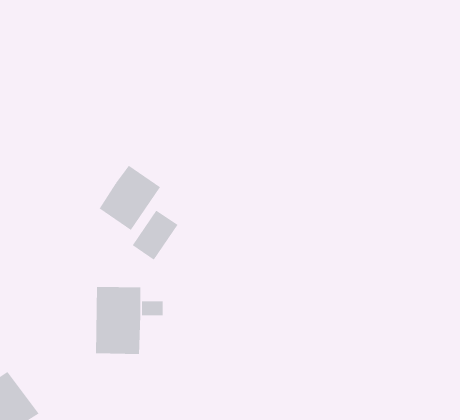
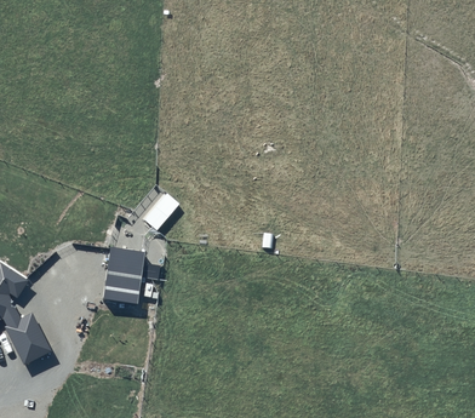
building: [99,165,161,231] -> none

